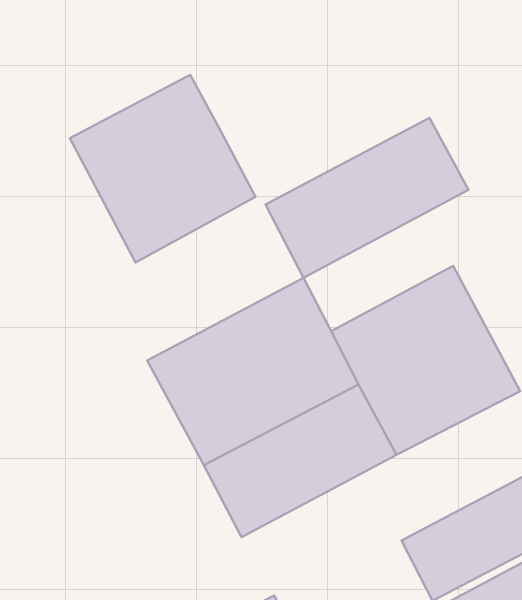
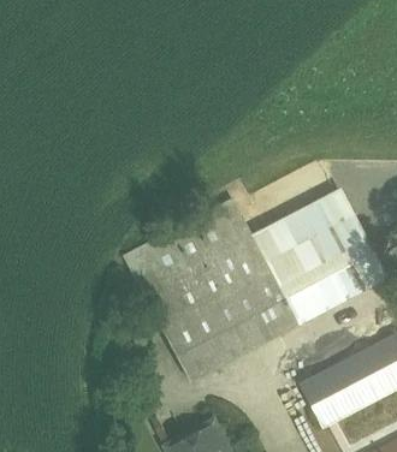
building: [70,75,255,262] -> none
building: [266,118,469,278] -> none

